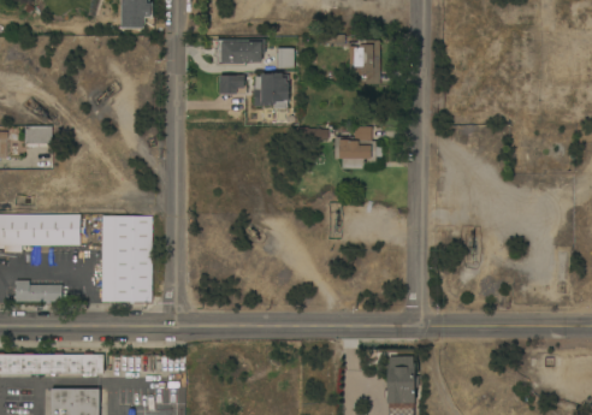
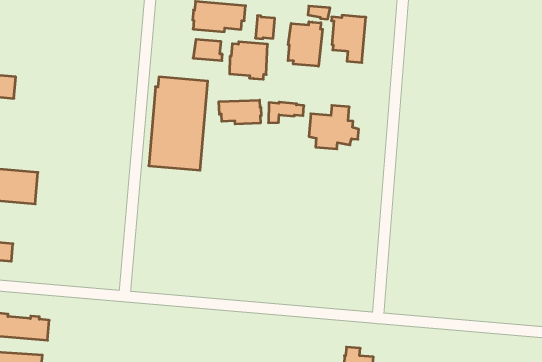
building: none -> [288,22,323,66]
building: none -> [219,100,261,124]
building: [101,217,150,302] -> [149,77,208,170]

